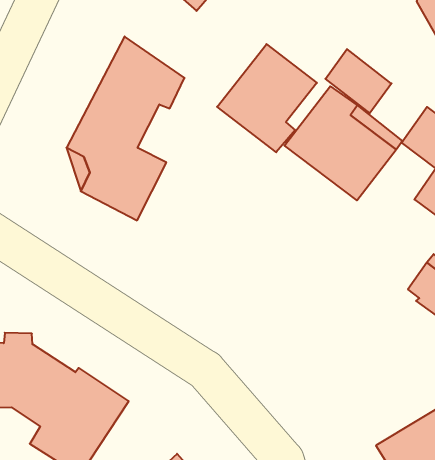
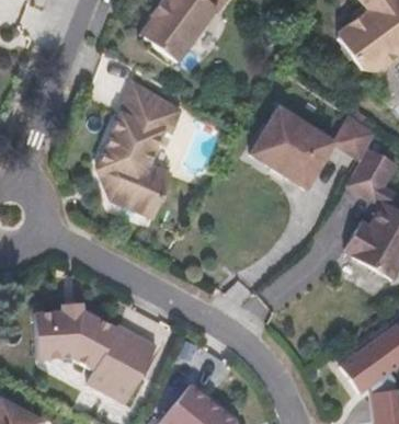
building: [217,44,317,152] -> none
building: [325,49,392,113] -> none

